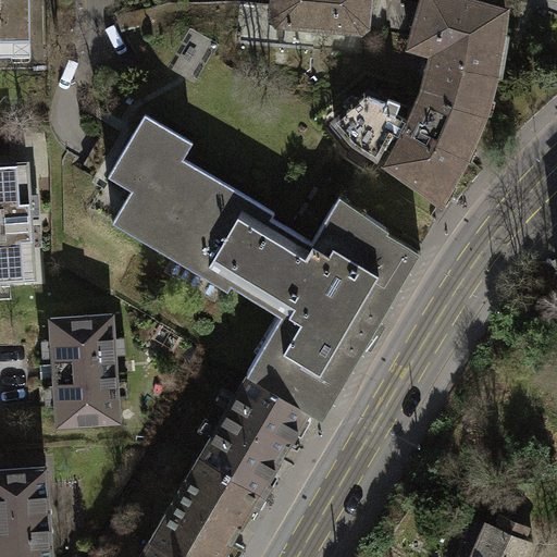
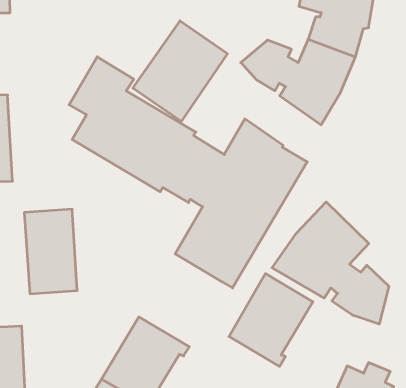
building: none -> [133,21,227,121]
building: none -> [272,202,389,324]
building: [199,374,309,496] -> [229,274,313,366]

